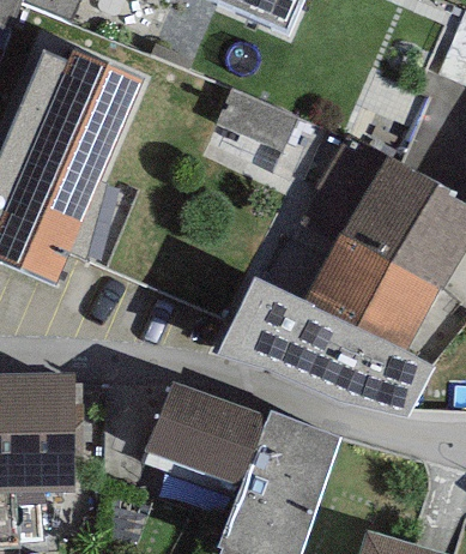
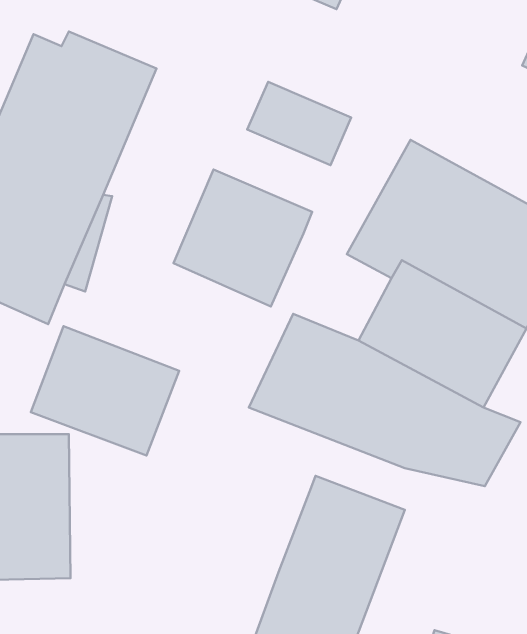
building: none -> [173,169,312,307]
building: [146,380,266,484] -> [31,326,179,455]

